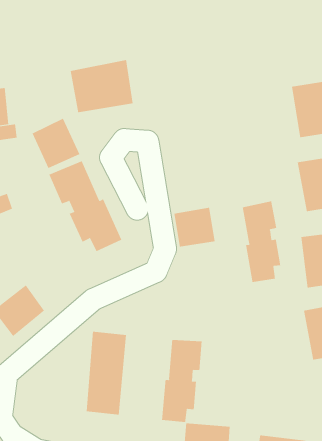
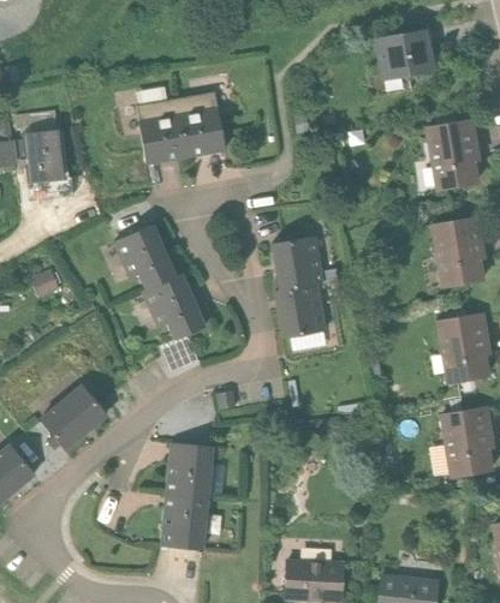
building: none -> [375,25,436,78]
building: [32,118,80,169] -> none
building: none -> [270,235,321,289]
building: [242,201,281,283] -> none
building: [162,339,202,423] -> none

